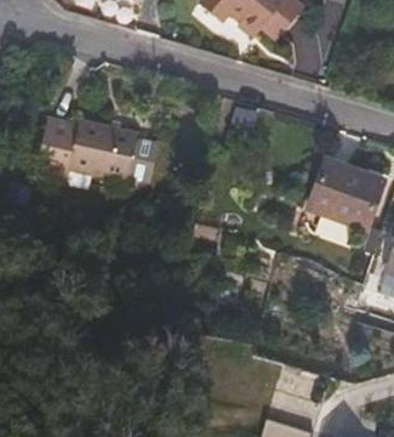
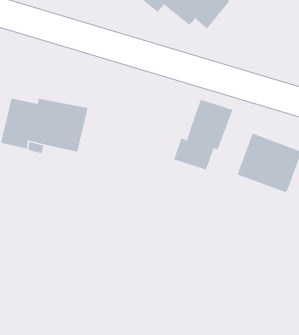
building: none -> [173,99,233,170]

